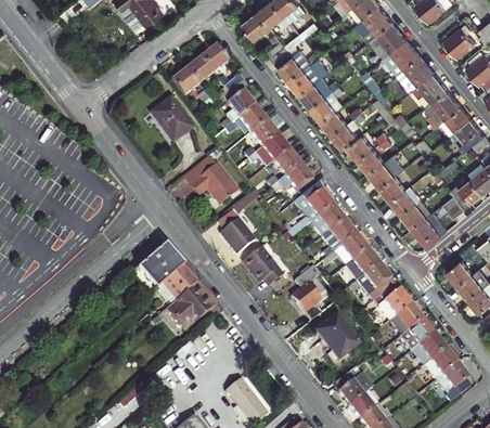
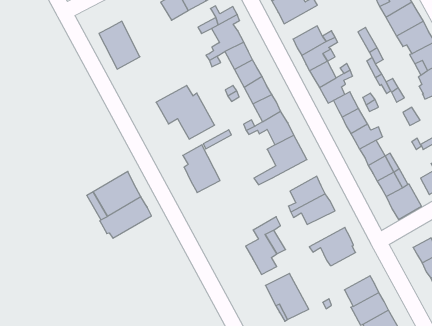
building: [289,60,328,95] -> none
building: [151,92,193,138] -> [99,21,140,69]
building: [304,206,345,238] -> none
building: [241,248,283,288] -> none
building: [344,249,379,287] -> none
building: [157,284,215,334] -> none
building: [373,285,411,322] -> none

